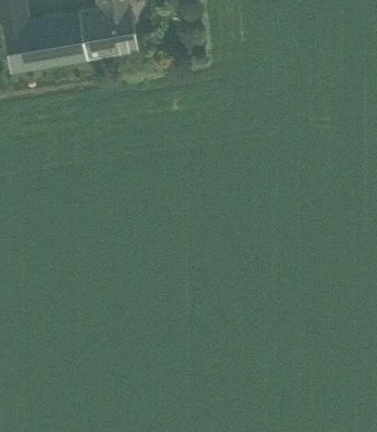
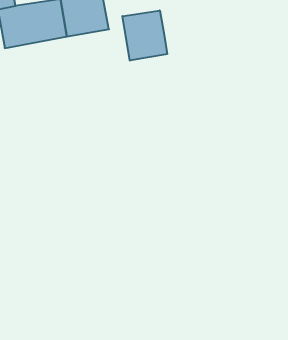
building: none -> [122,10,167,61]

